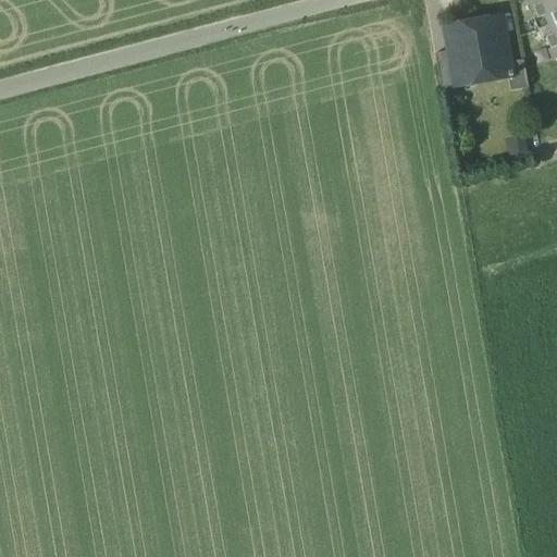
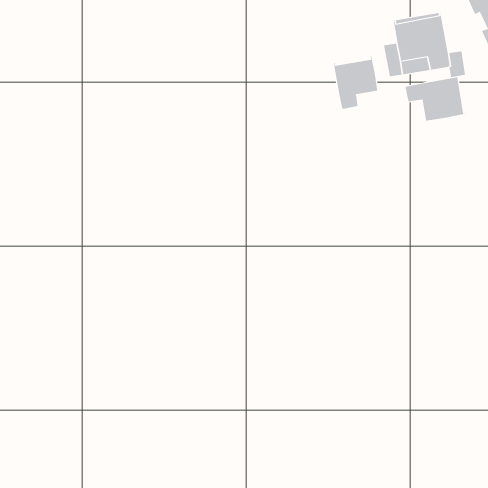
building: none -> [333,55,378,110]
building: none -> [405,76,468,121]

